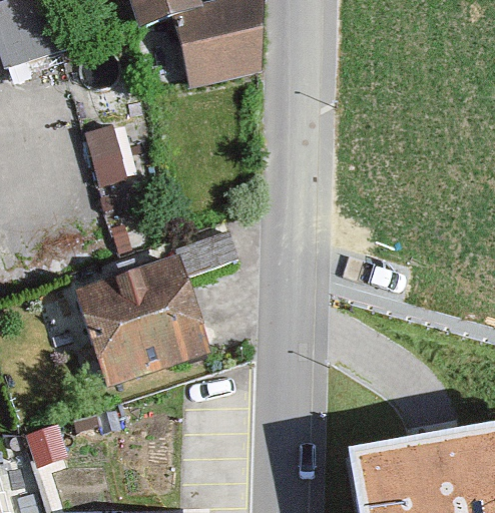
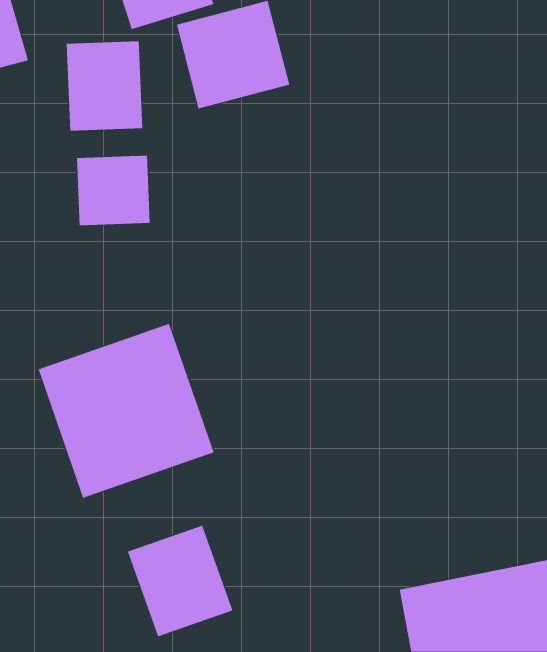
building: none -> [66,41,143,131]
building: none -> [127,525,233,637]

